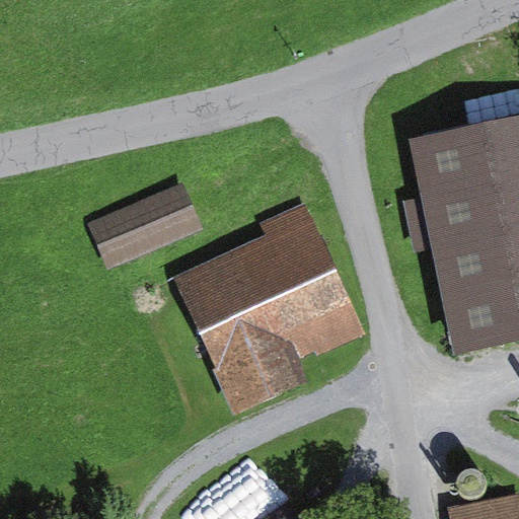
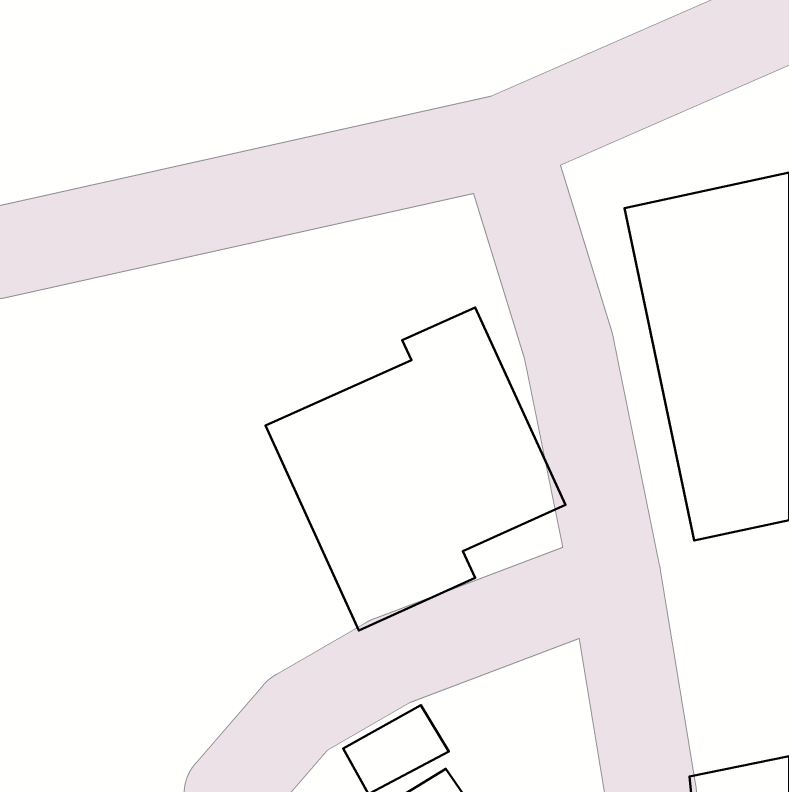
building: [89,180,204,270] -> none

